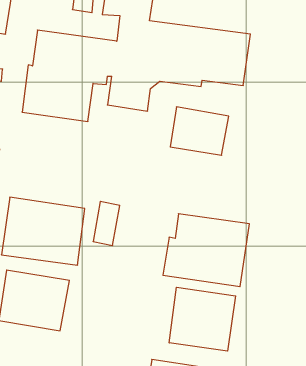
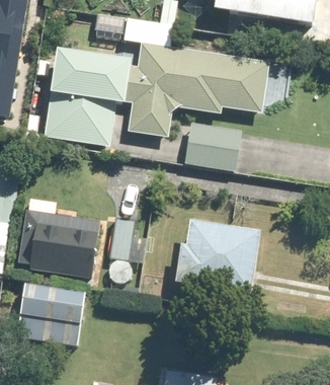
building: [169,287,236,351] -> none

